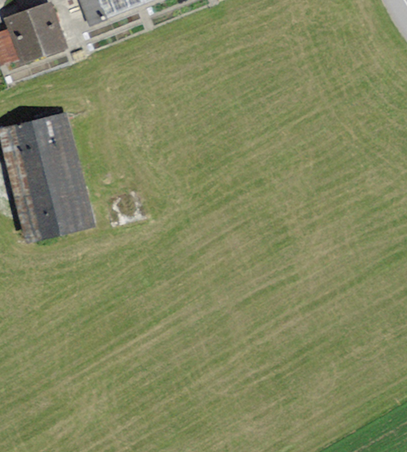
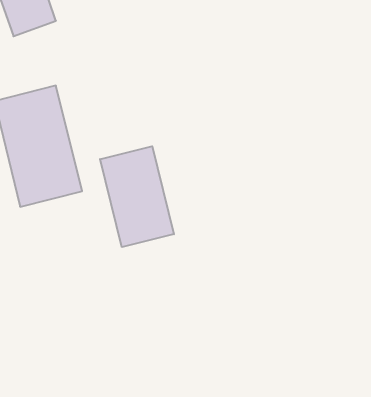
building: none -> [100,146,174,247]

